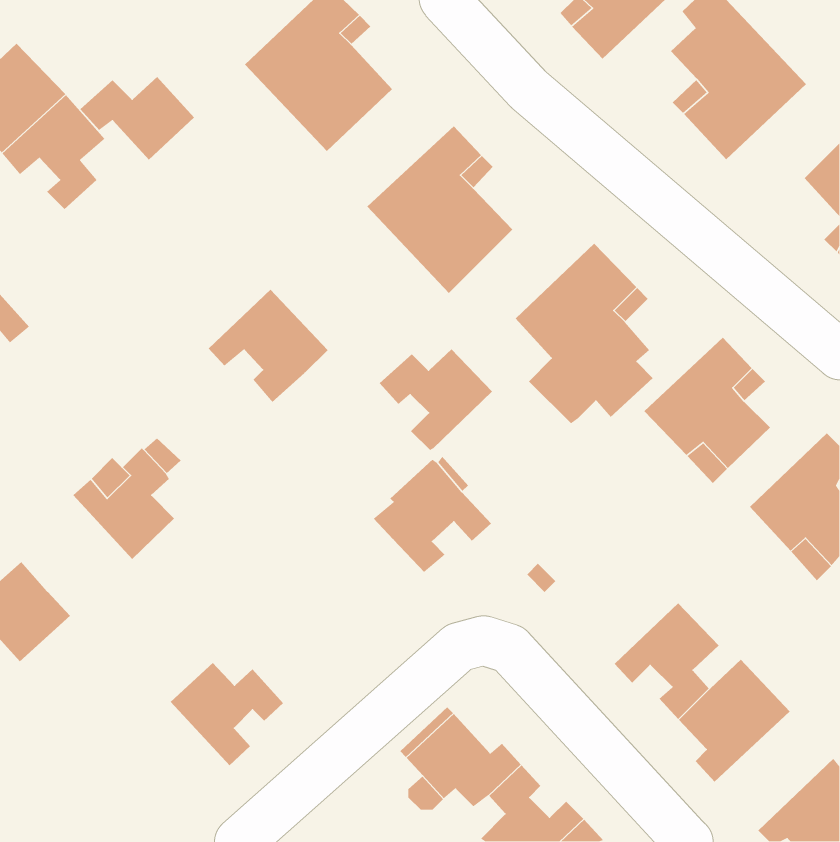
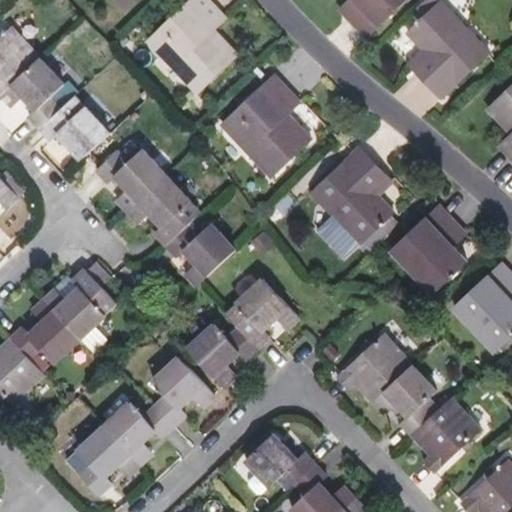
building: [79,76,195,160] -> [39,107,109,158]
building: none -> [96,149,164,211]
building: [379,349,493,451] -> [165,223,234,285]
building: none -> [13,300,80,363]
building: none -> [187,323,257,386]
building: none -> [335,334,411,402]
building: none -> [152,356,213,426]
building: none -> [77,425,139,495]

